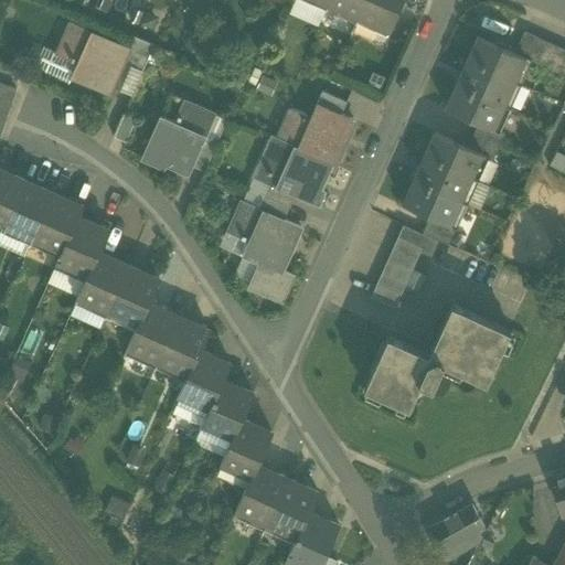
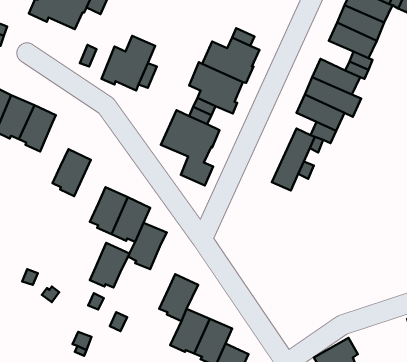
building: [55,217,108,276] -> none
building: [106,267,158,326] -> none
building: [364,303,510,408] -> none
building: [200,380,253,439] -> [90,243,129,287]

